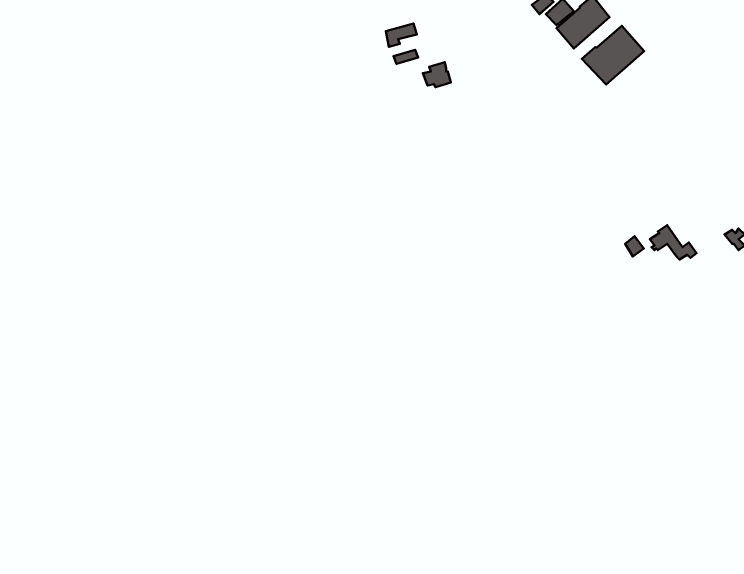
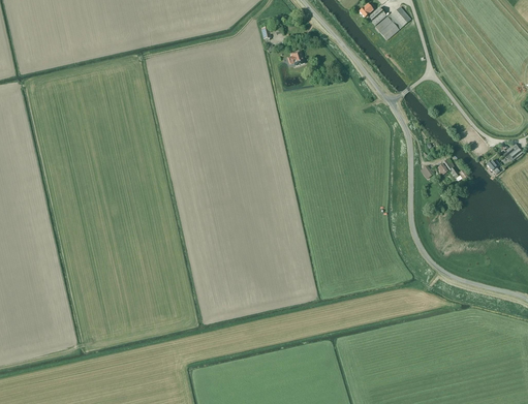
building: [582,26,644,84] -> none

